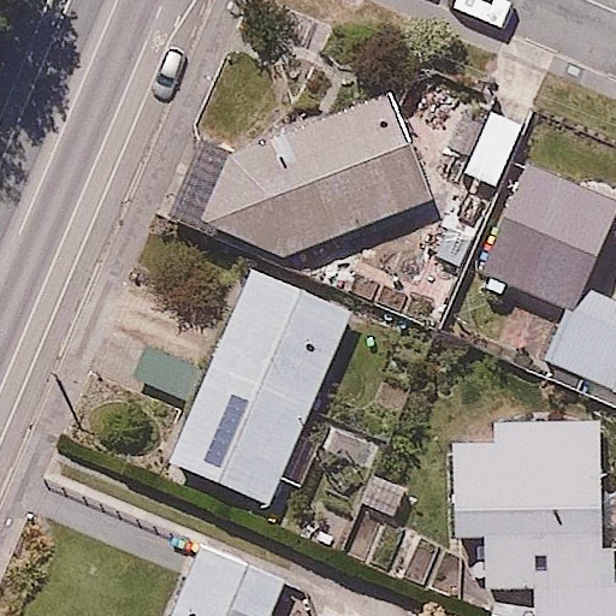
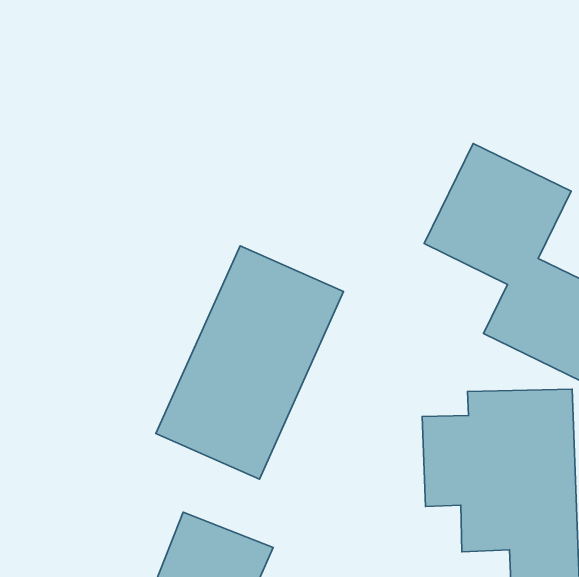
building: [208,75,451,255] -> none

